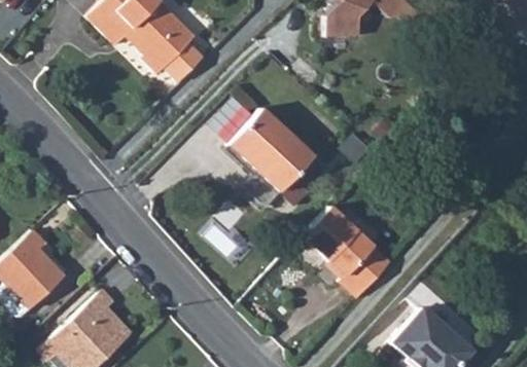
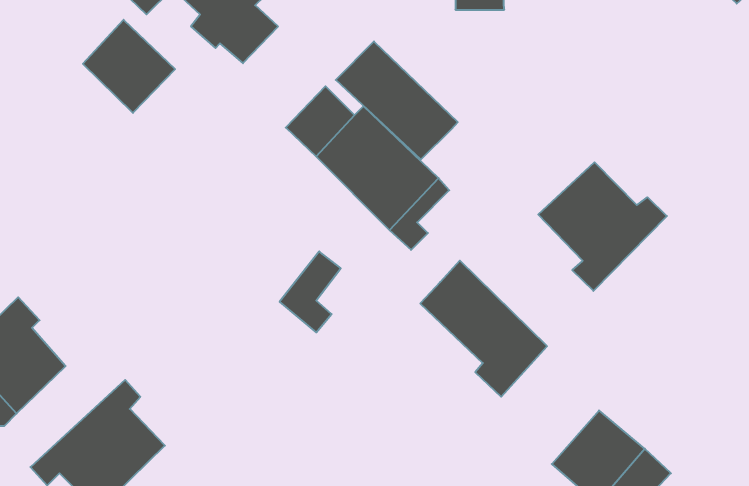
building: none -> [83,20,175,113]
building: none -> [336,41,458,160]
building: none -> [538,162,667,291]

